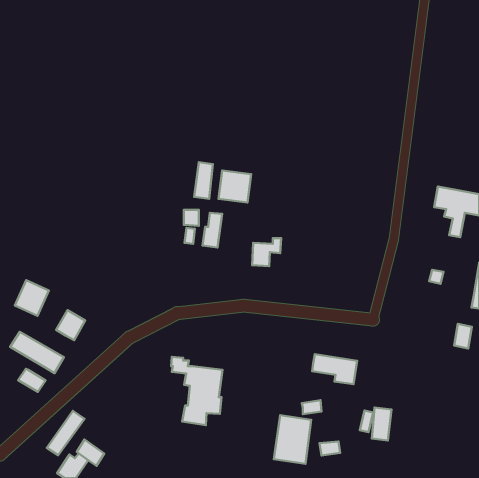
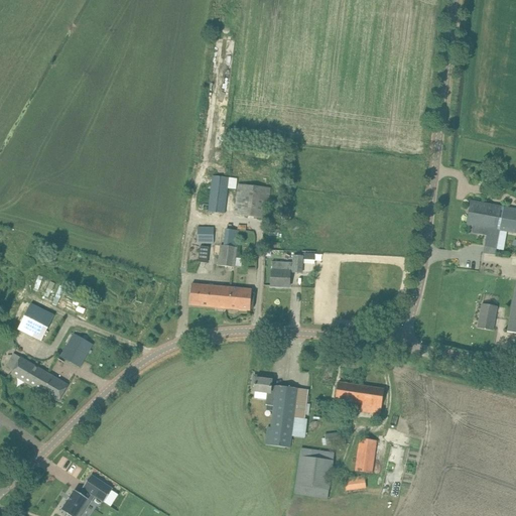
building: none -> [189,283,252,310]
building: [454,324,472,348] -> [478,303,497,330]
building: [171,357,223,425] -> [253,375,308,448]
building: [18,369,46,392] -> none
building: [372,408,391,440] -> [356,437,377,473]
building: [47,411,84,455] -> none

